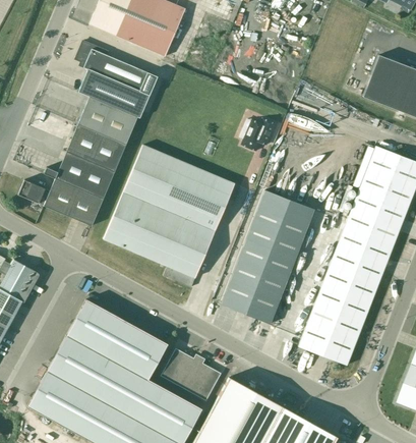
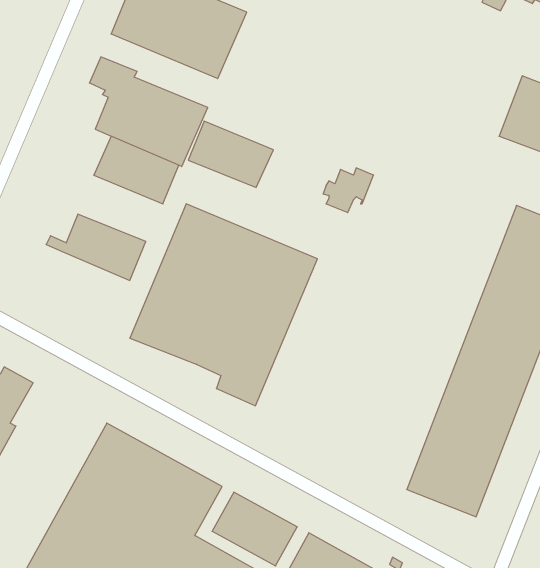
building: [66,124,126,171] -> [188,121,273,187]
building: [44,178,103,226] -> none
building: [17,180,45,204] -> none
building: [221,190,314,324] -> none

